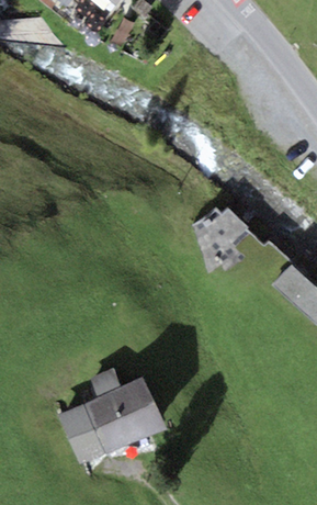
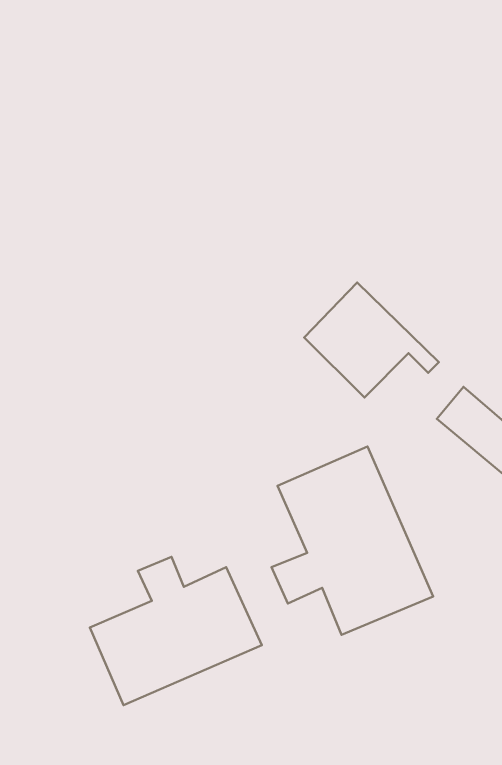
building: none -> [272,446,433,635]

